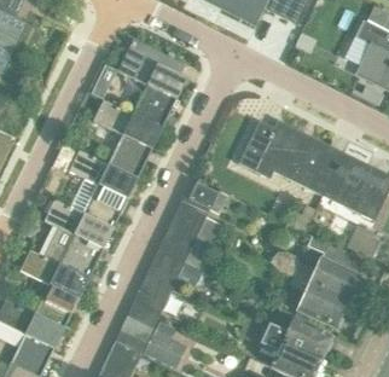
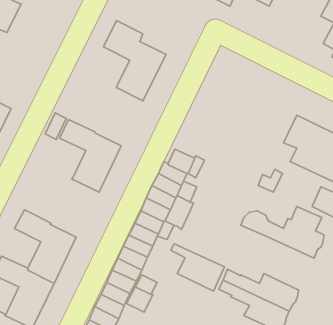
building: [92,99,159,179] -> none
building: [237,118,329,196] -> none
building: [41,199,111,279] -> none
building: [289,277,348,329] -> [171,244,225,291]

